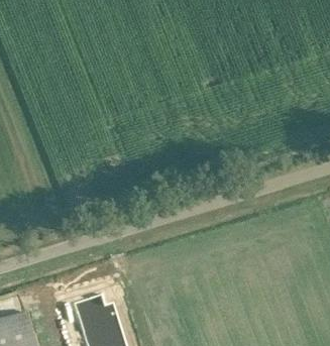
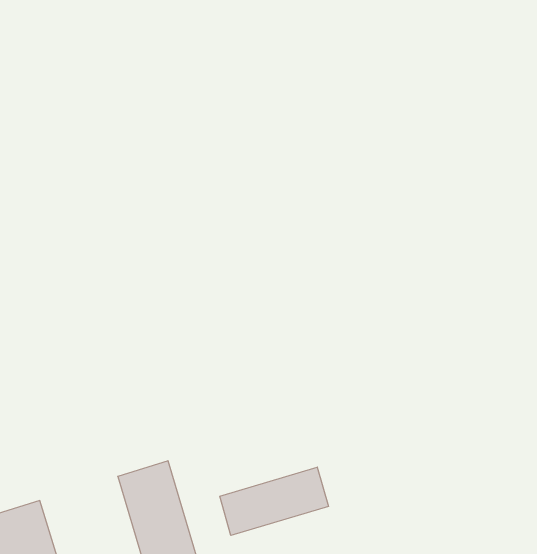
building: none -> [220,467,328,535]

